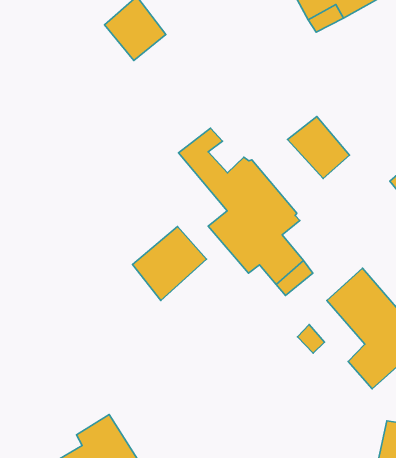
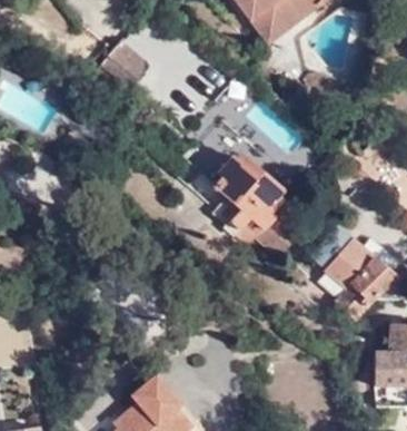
building: [288,116,350,179] -> none
building: [132,226,206,301] -> none

